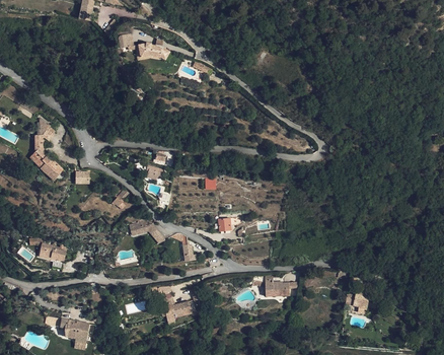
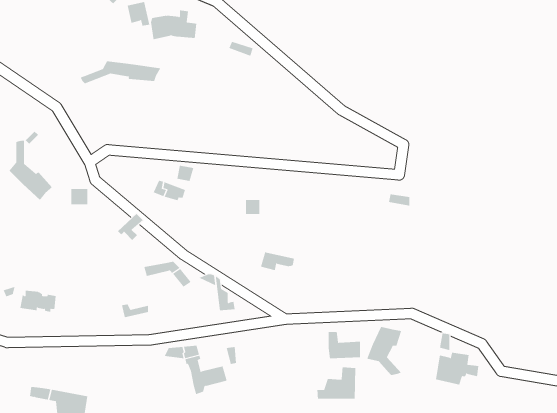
building: none -> [80,61,161,84]
building: none -> [366,326,402,376]
building: none -> [317,366,356,400]

